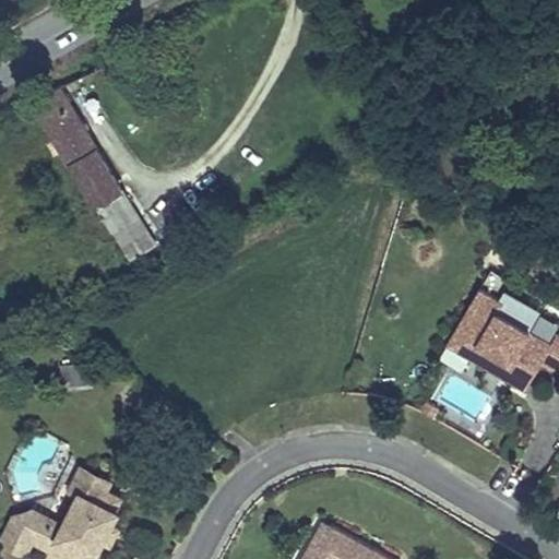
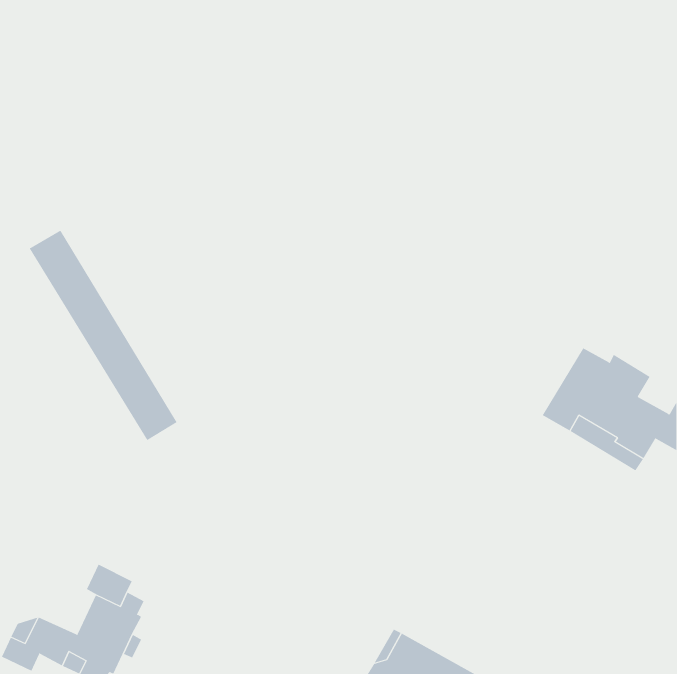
building: [33,87,155,261] -> [29,230,177,441]

